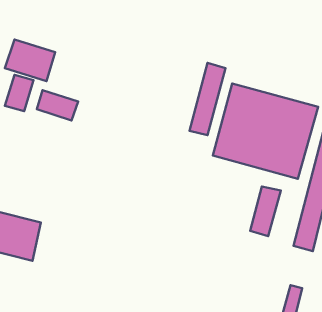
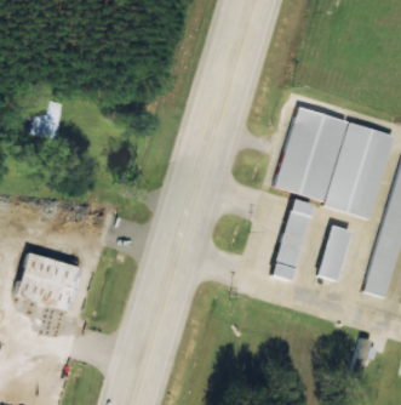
building: [5,40,55,81] -> none
building: [189,63,226,135] -> [271,198,313,280]
building: [37,90,78,121] -> none

